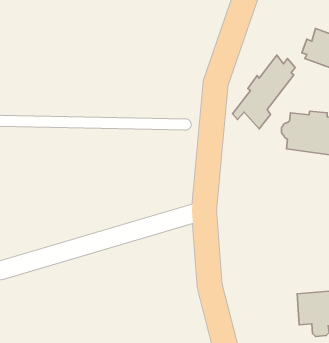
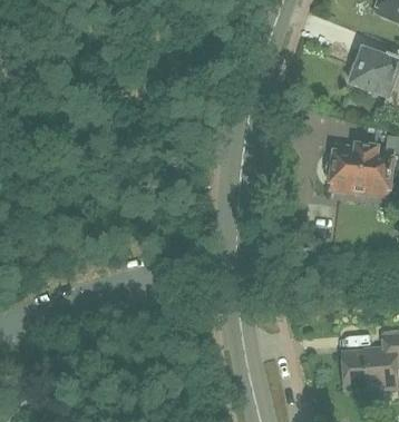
building: [233,55,295,129] -> none

